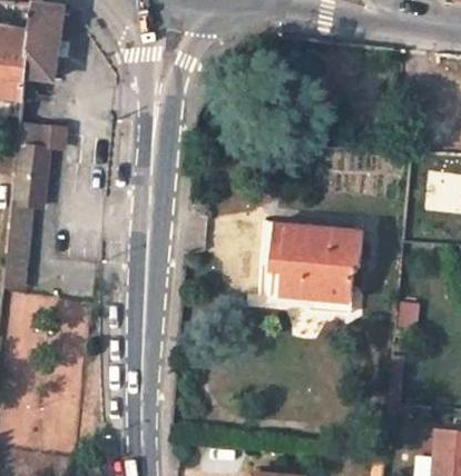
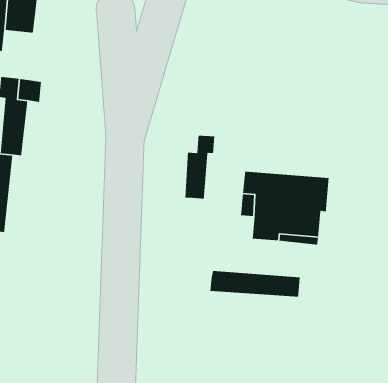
building: none -> [184,135,215,200]
building: none -> [210,270,300,297]

